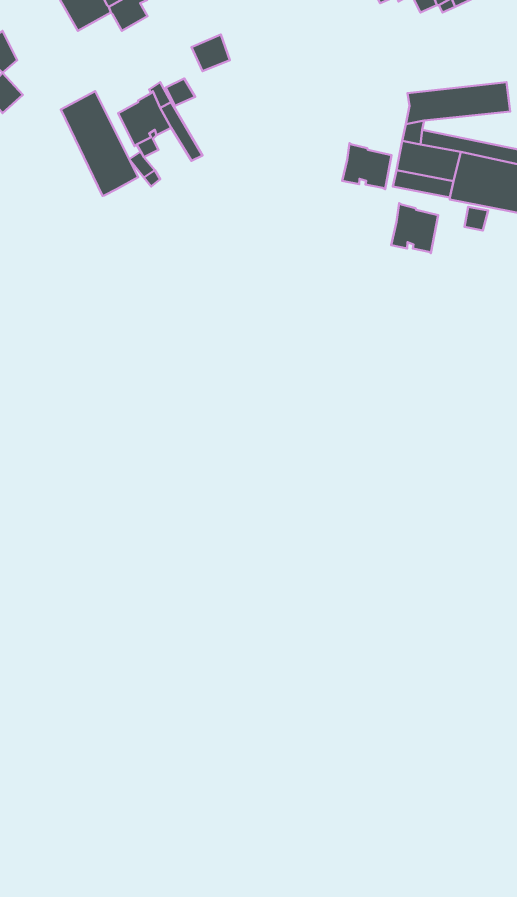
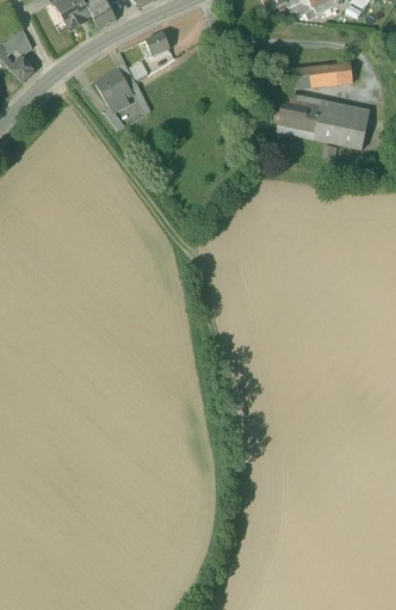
building: [61,91,138,196] -> none
building: [342,143,392,189] -> none
building: [391,203,438,253] -> none

